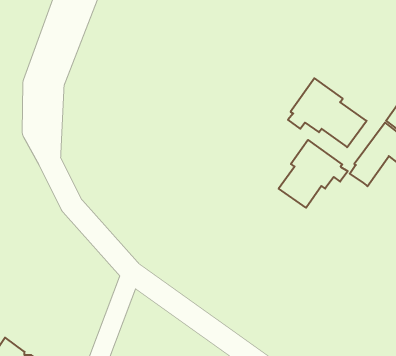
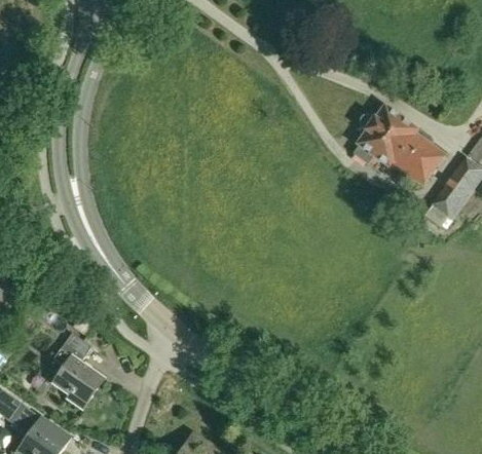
building: [279,140,348,208] -> none
building: none -> [52,333,102,409]

